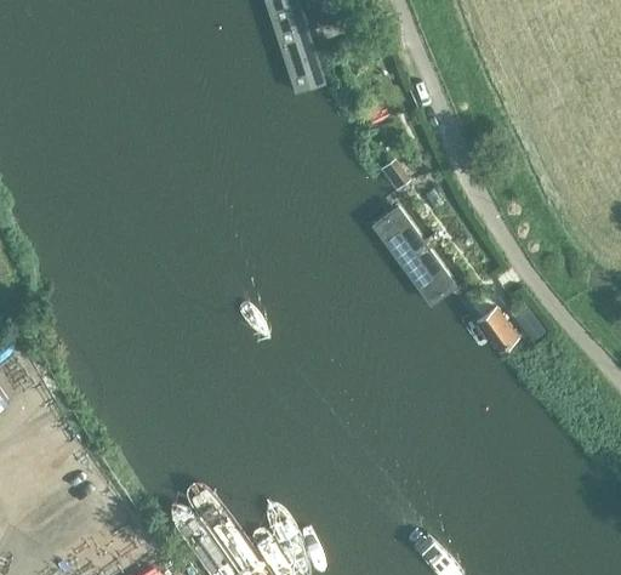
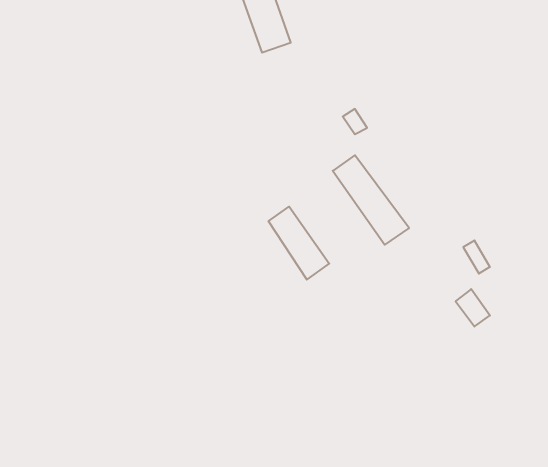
building: none -> [269,207,329,280]
building: [479,306,517,347] -> [456,289,490,327]

